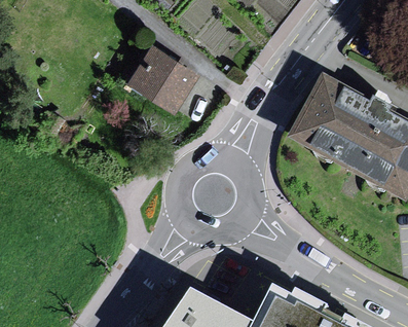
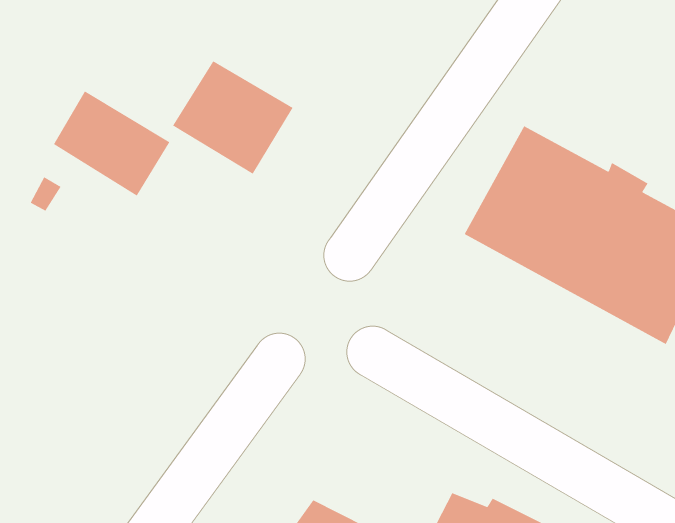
building: none -> [53,91,170,196]

